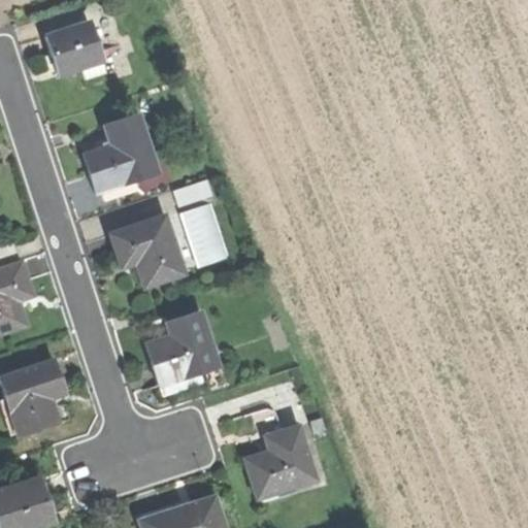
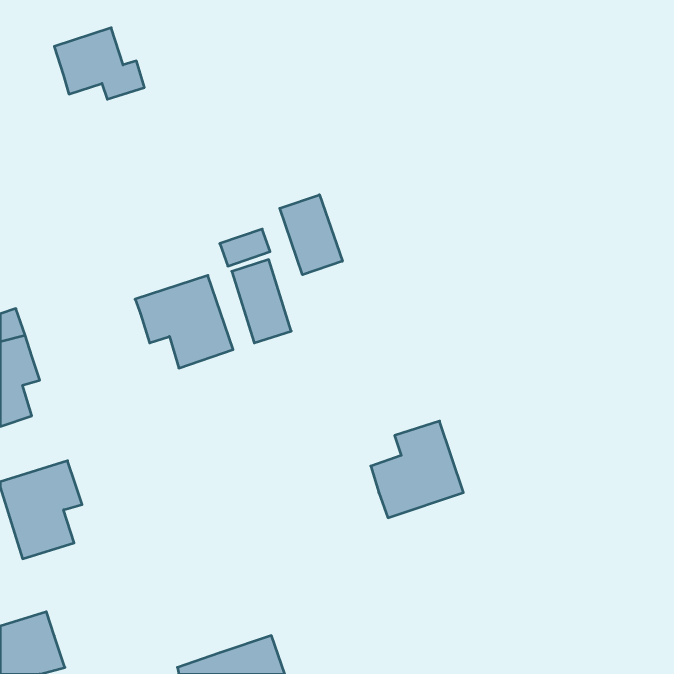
building: [82,113,158,193] -> none
building: none -> [280,195,342,275]
building: [147,315,221,395] -> none
building: [245,422,318,497] -> [371,421,463,518]

